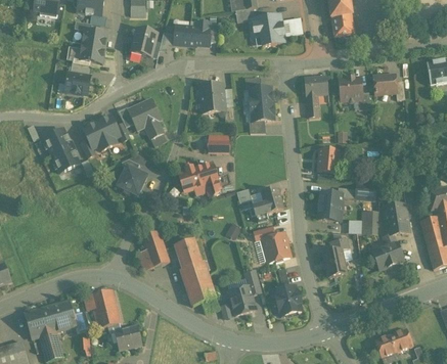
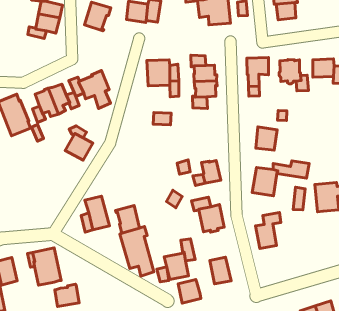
building: [64,72,90,94] -> none
building: [179,163,220,197] -> none
building: [372,241,403,269] -> none
building: none -> [178,280,201,303]

